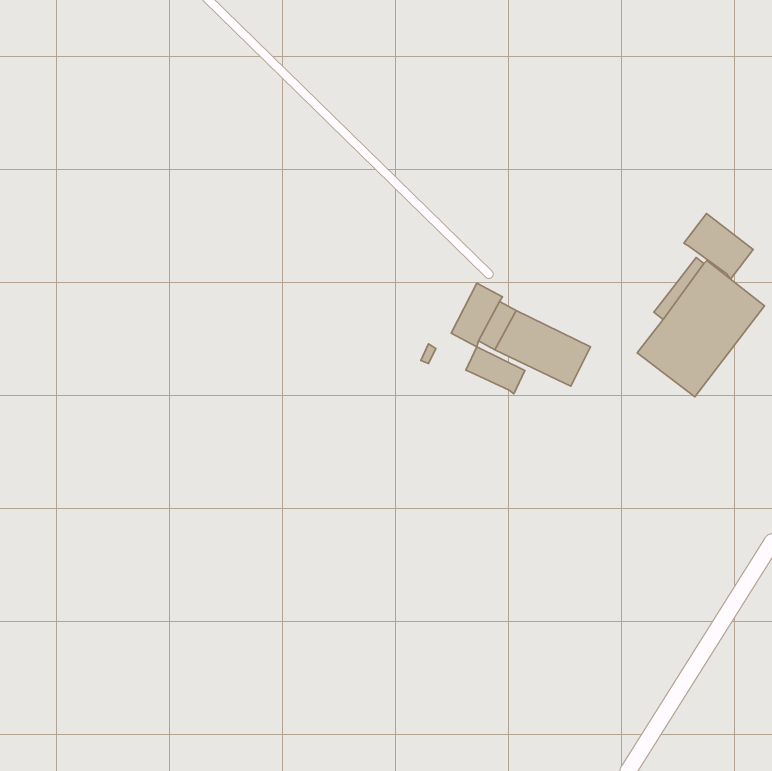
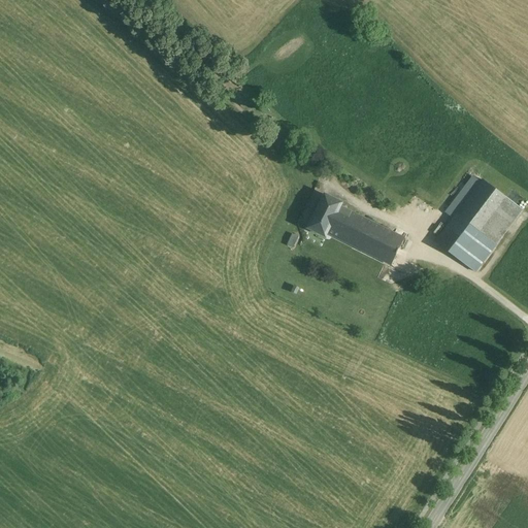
building: [684,213,753,279] -> none
building: [466,347,525,394] -> none

